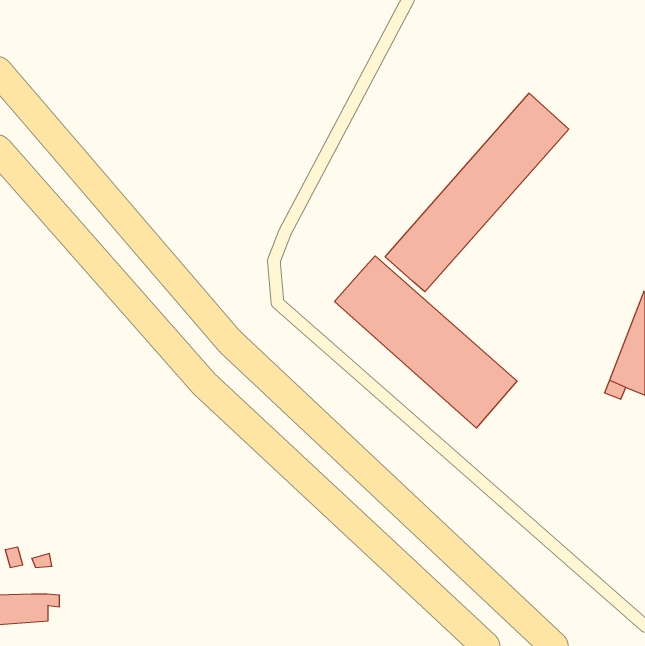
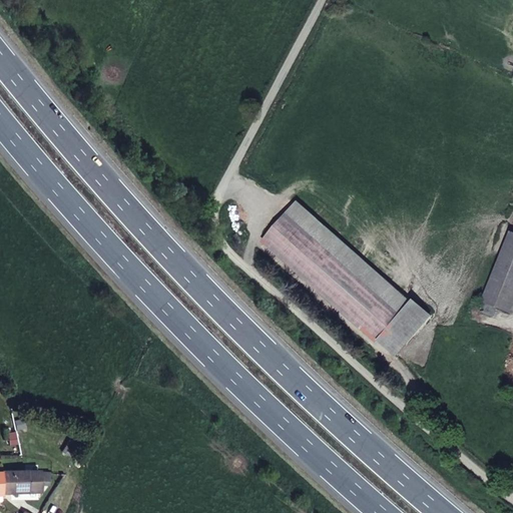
building: [385,93,569,292] -> none
building: none -> [377,299,430,355]

